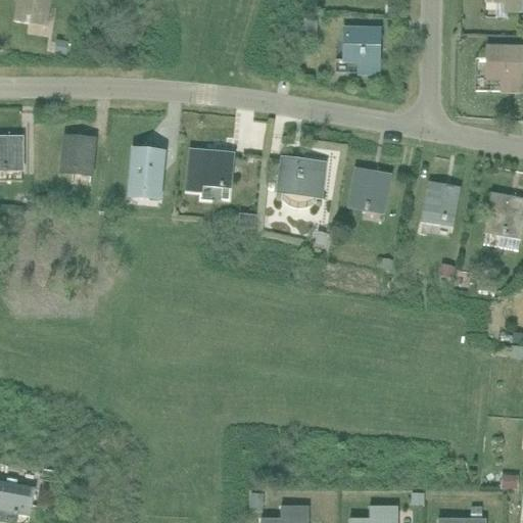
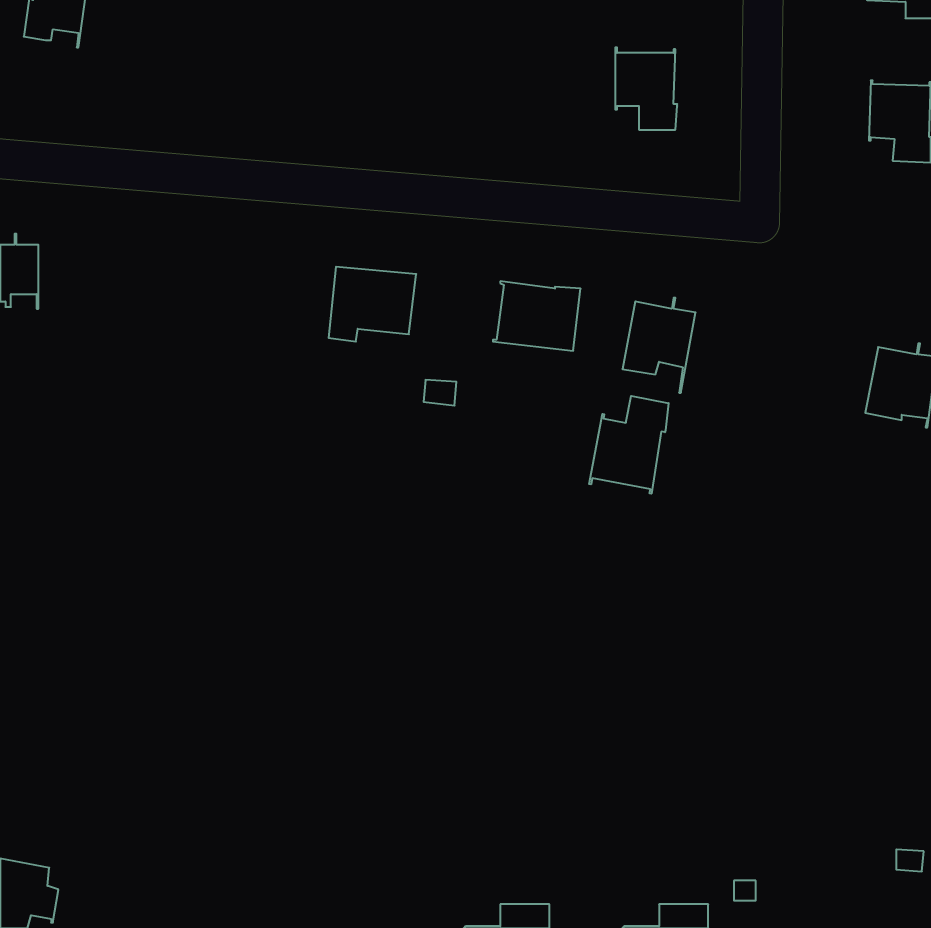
building: [62,134,95,176] -> none
building: [130,144,164,194] -> none
building: [423,182,459,226] -> none
building: none -> [589,396,669,494]

